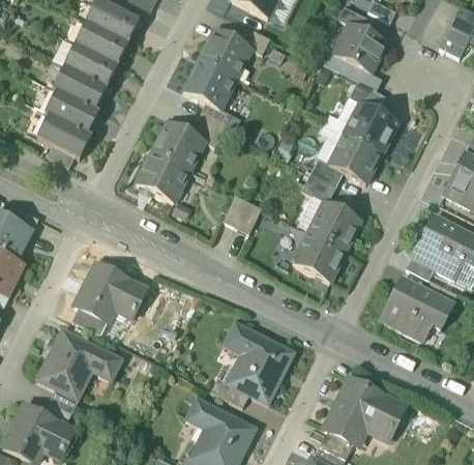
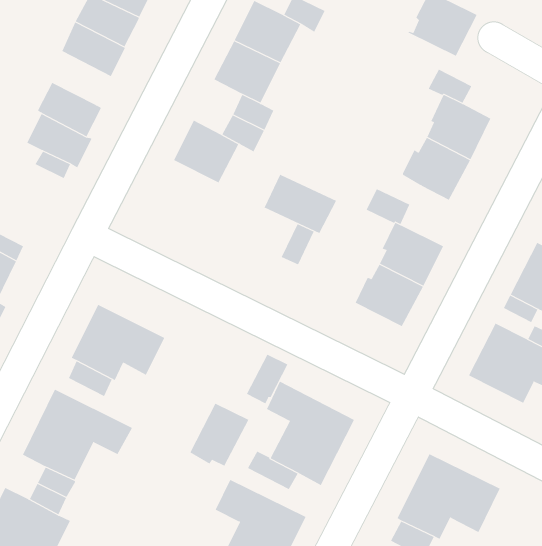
building: [55,68,105,110] -> none
building: [137,152,187,201] -> none
building: [308,157,343,186] -> none
building: none -> [264,173,337,234]
building: none -> [246,354,288,404]
building: none -> [189,403,249,467]

